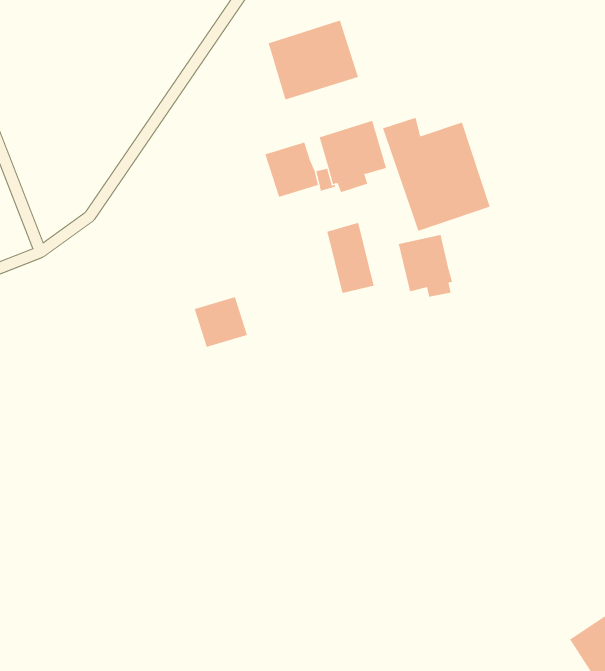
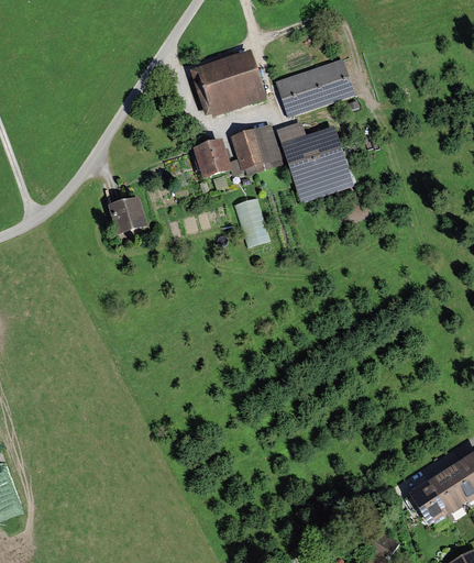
building: none -> [276,58,353,117]
building: [398,234,453,297] -> none
building: [194,296,248,347] -> [109,197,147,233]

